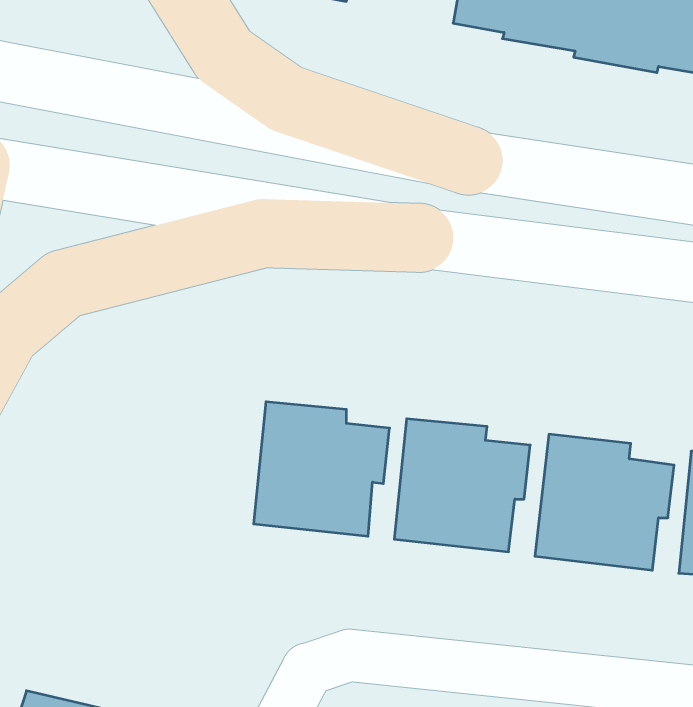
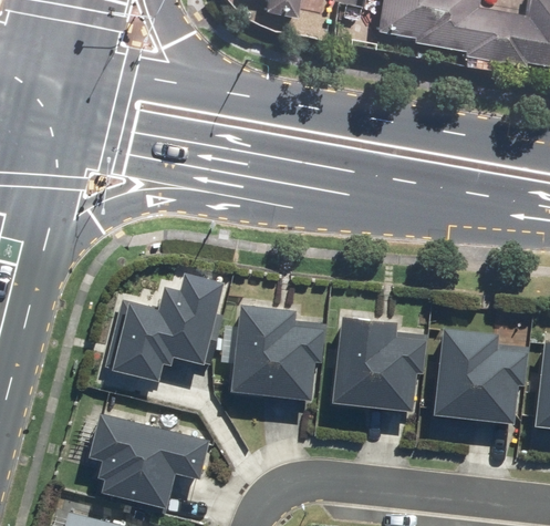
building: none -> [106,274,227,383]
building: none -> [89,413,211,509]

